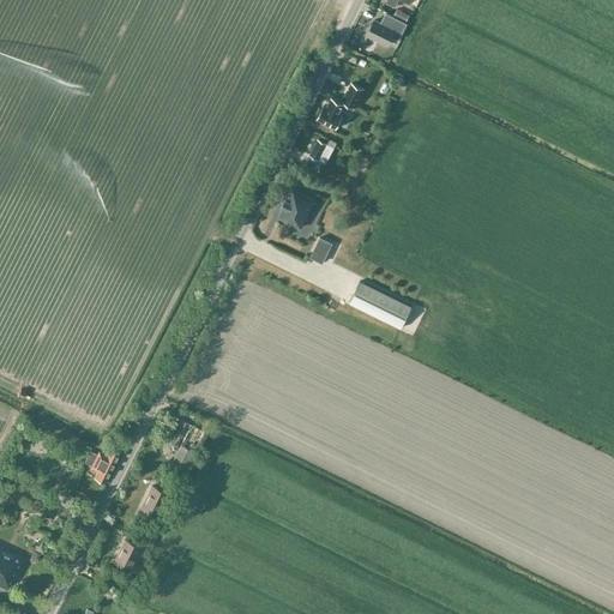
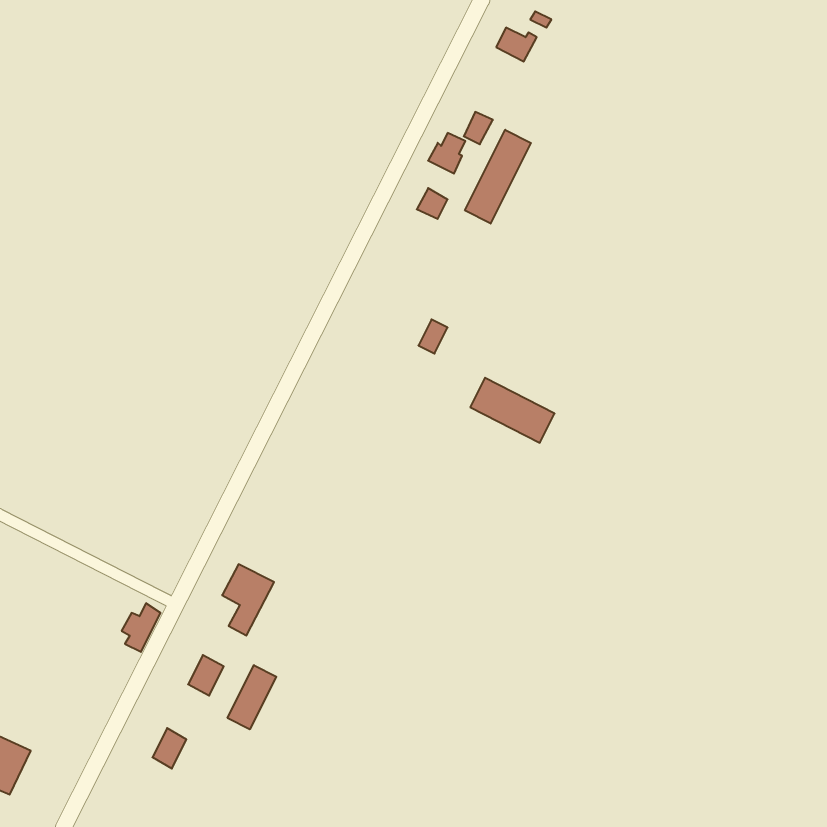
building: none -> [465,130,531,224]
building: [278,189,313,228] -> none
building: none -> [228,665,276,729]

